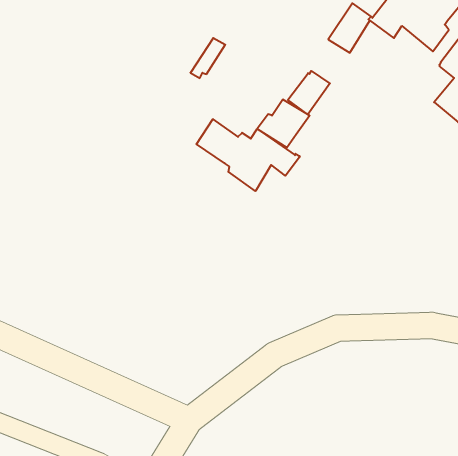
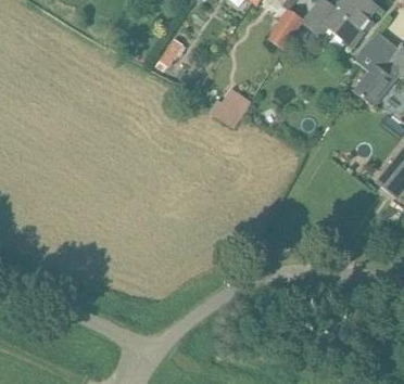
building: [288,71,330,115] -> none
building: [196,119,300,191] -> none

